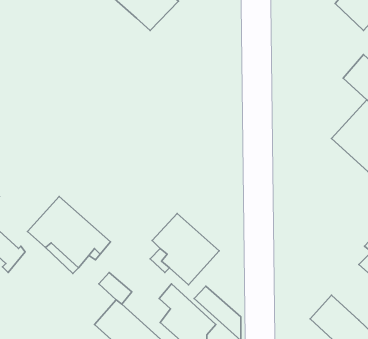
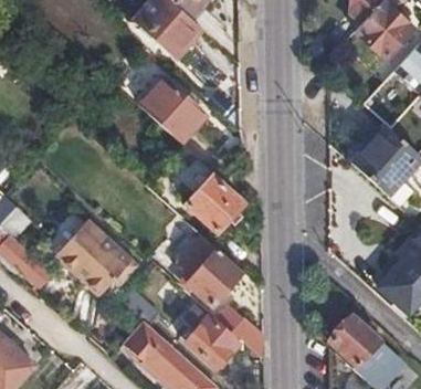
building: none -> [138,77,207,145]
building: none -> [187,177,242,232]

